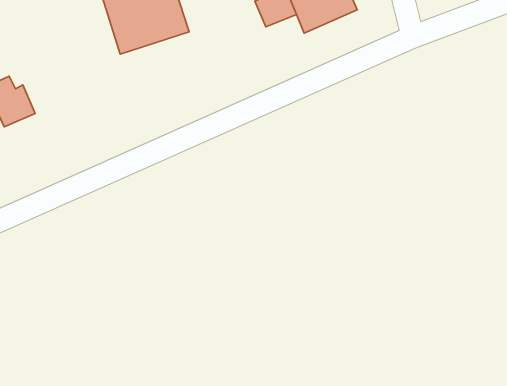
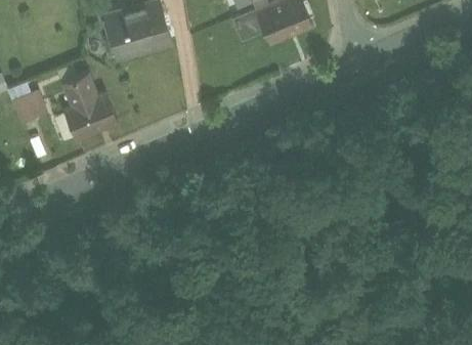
building: none -> [58,68,118,139]

